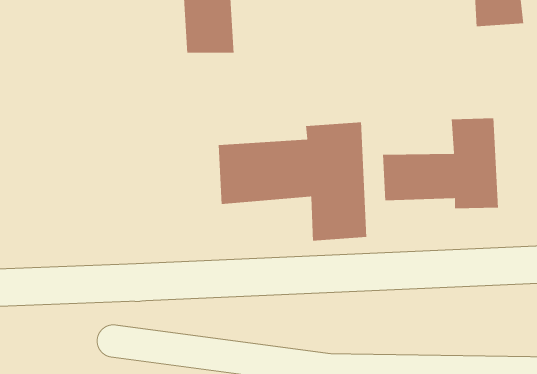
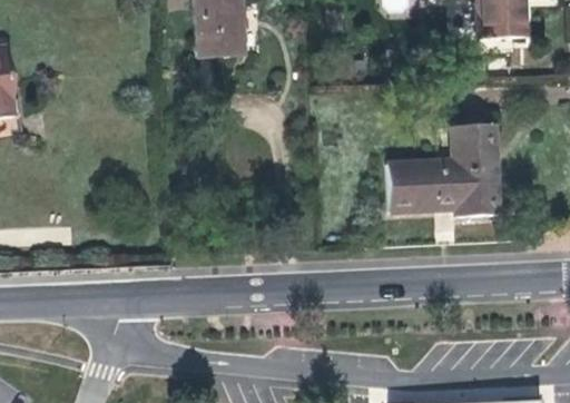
building: [218,121,367,241] -> none

